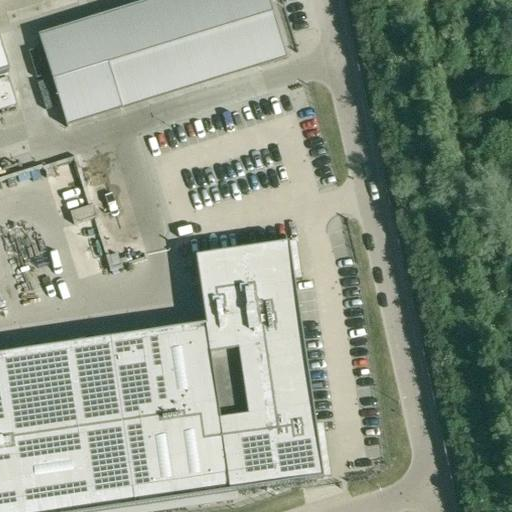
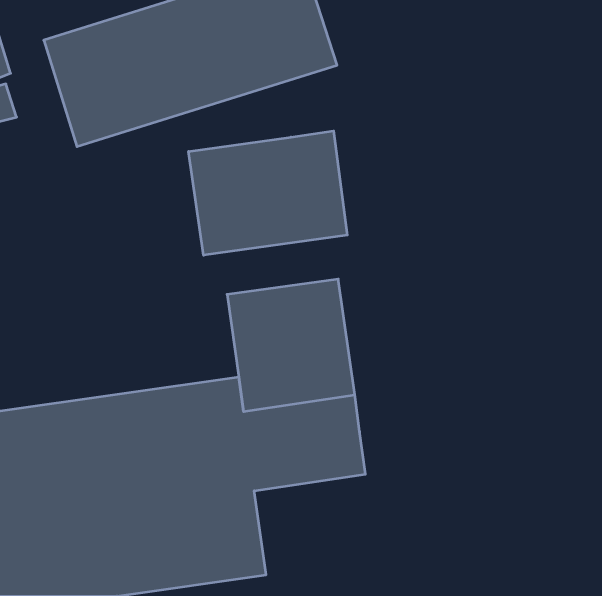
building: none -> [189,131,347,255]
building: [215,401,320,486] -> none

